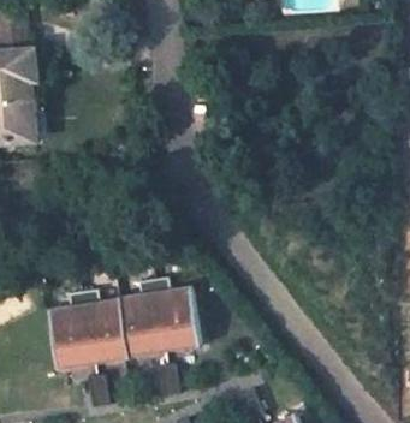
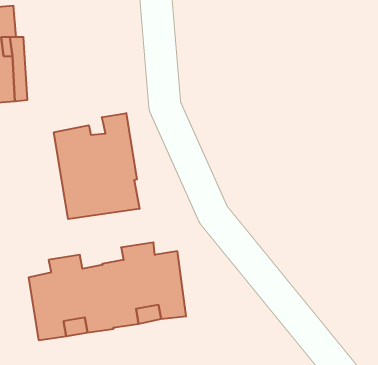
building: none -> [54,113,139,219]

